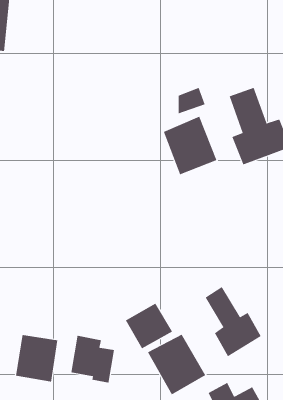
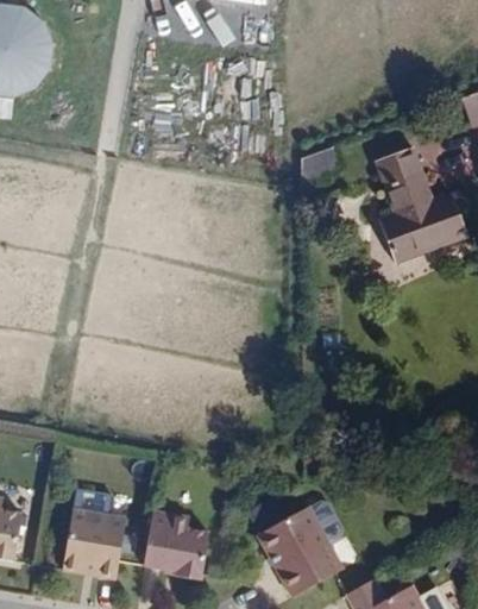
building: [163,116,217,175] -> none
building: [205,286,262,357] -> none
building: [125,303,173,349] -> none

